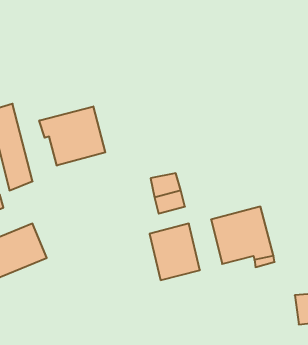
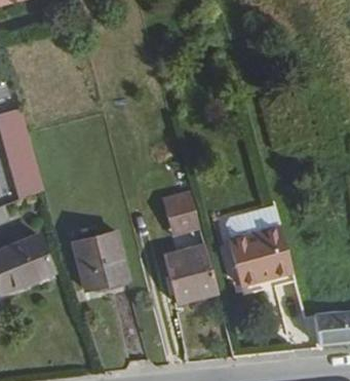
building: [39,106,105,166] -> none
building: none -> [71,222,127,279]

